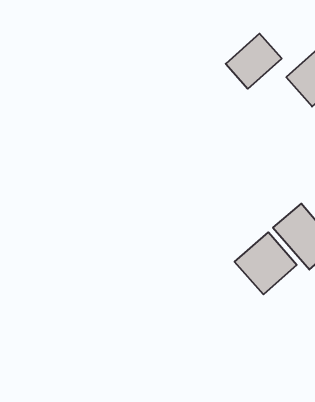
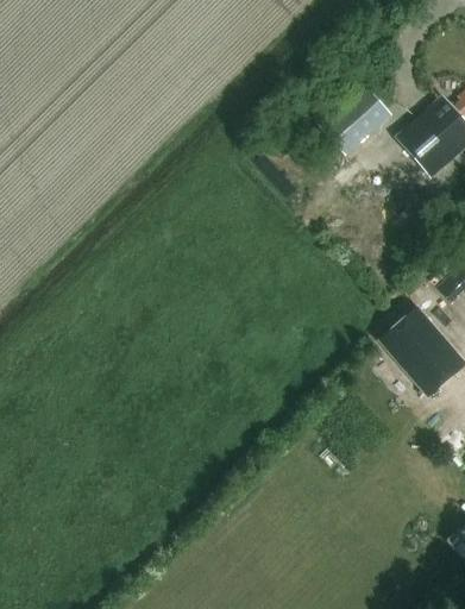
building: [235,232,297,294] -> none

